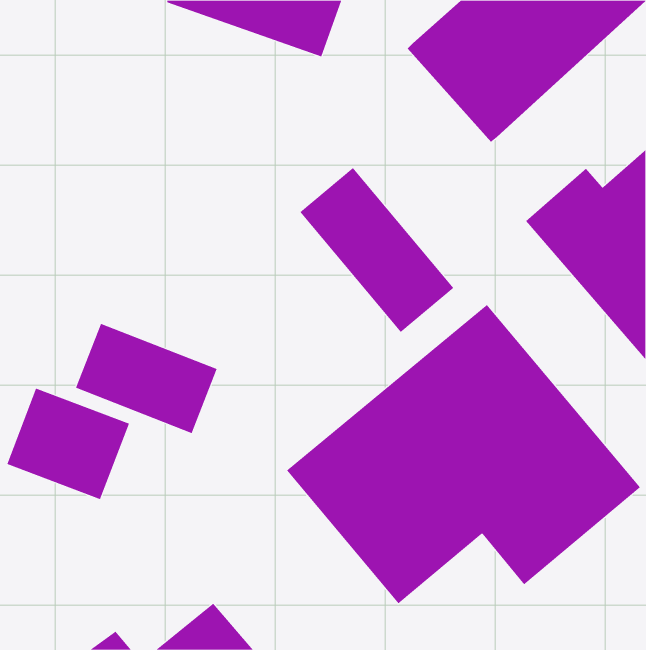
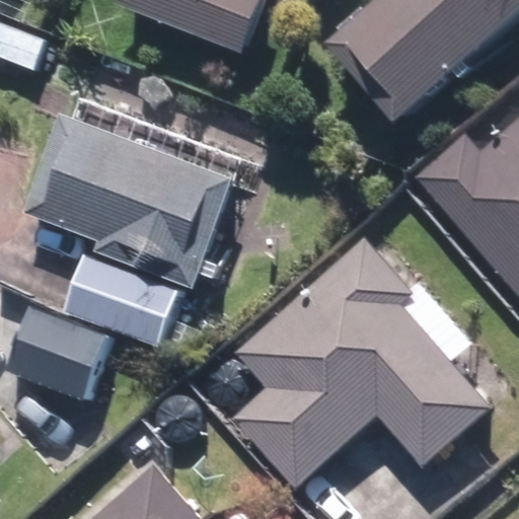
building: none -> [26,119,226,286]
building: [300,167,454,333] -> none

